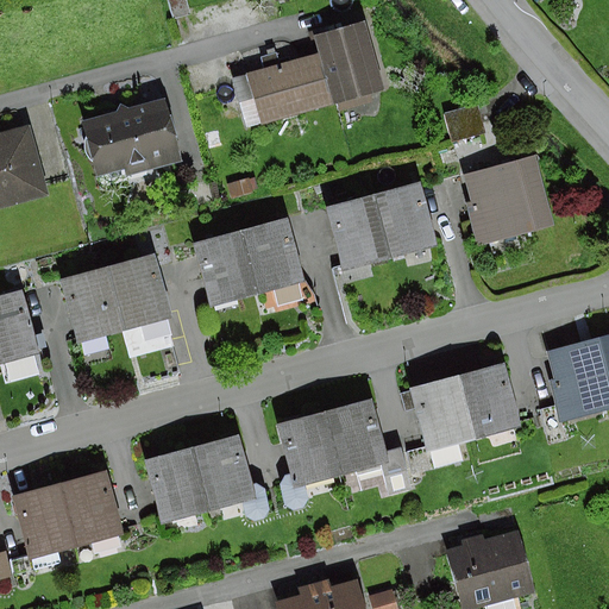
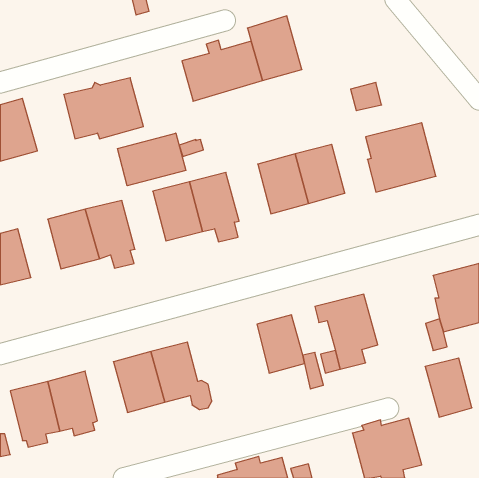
building: none -> [117,133,186,186]
building: [462,363,521,438] -> [425,358,472,417]
building: [276,412,341,509] -> none

